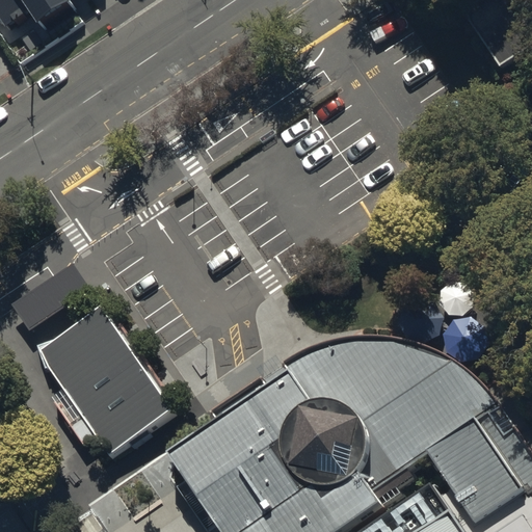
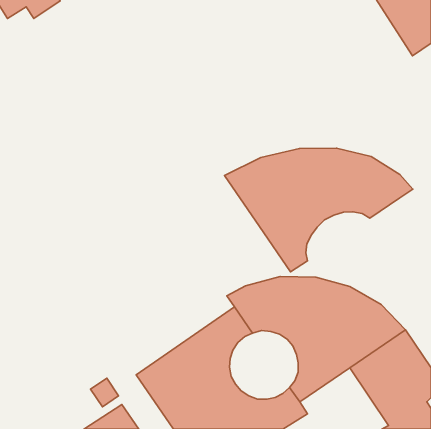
building: none -> [225,148,413,272]
building: [37,310,170,454] -> none
building: [282,405,366,489] -> none

